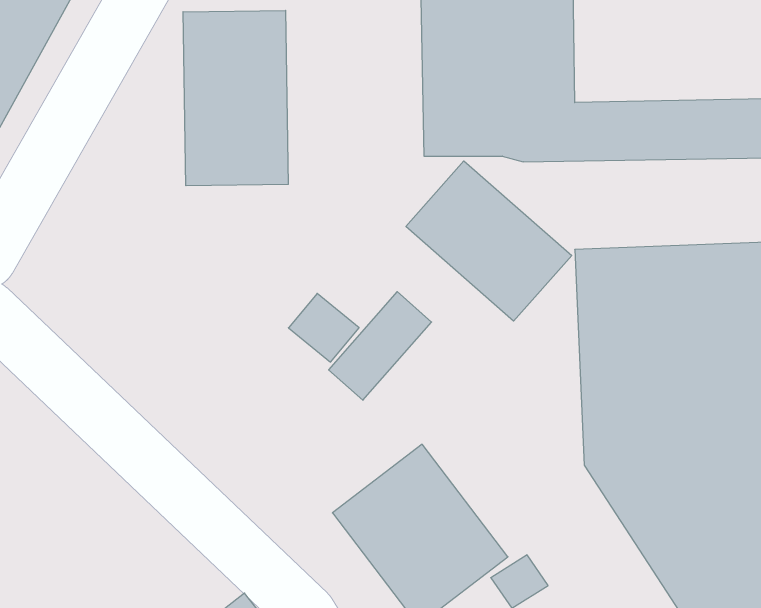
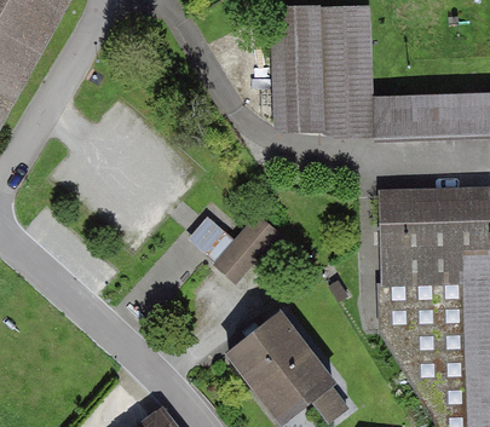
building: [183,10,288,186] -> none
building: [406,161,572,321] -> none

